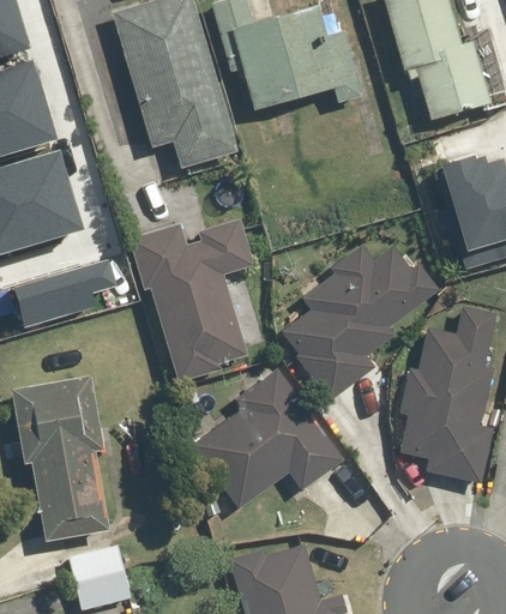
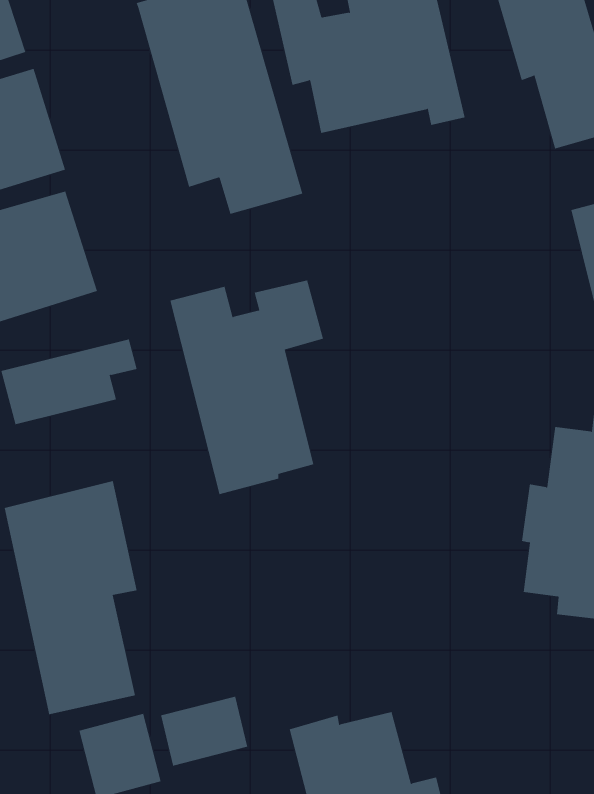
building: [281,242,440,399] -> none
building: [188,361,345,511] -> none
building: none -> [161,696,248,767]

